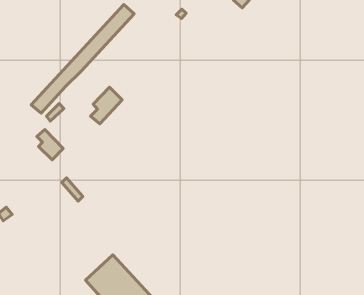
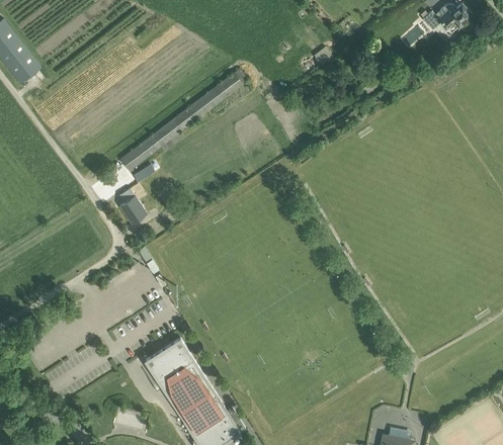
building: [91,87,122,124] -> none

